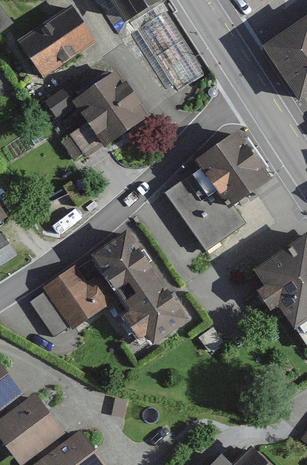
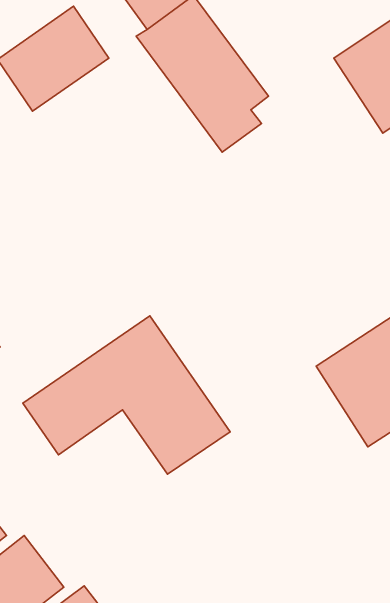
building: [46,70,146,158] -> none
building: [168,128,268,249] -> none

